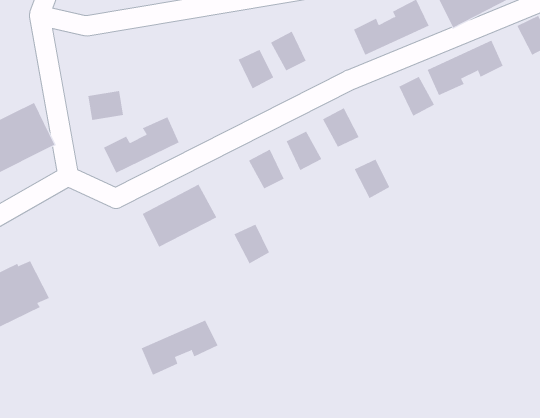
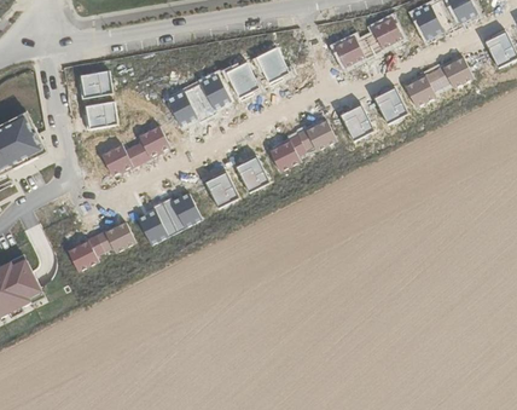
building: none -> [76,69,112,97]
building: none -> [163,69,232,128]
building: [354,159,390,199] -> [338,103,372,140]
building: [234,224,270,264] -> [203,168,237,206]
building: [141,320,218,375] -> [64,220,136,272]

